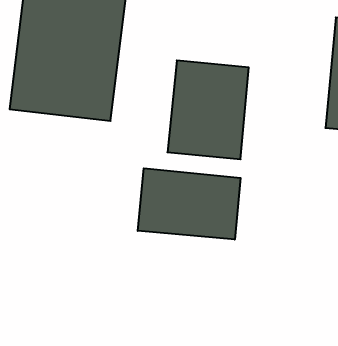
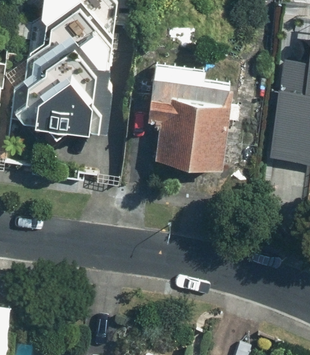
building: [138,168,241,240] -> none

